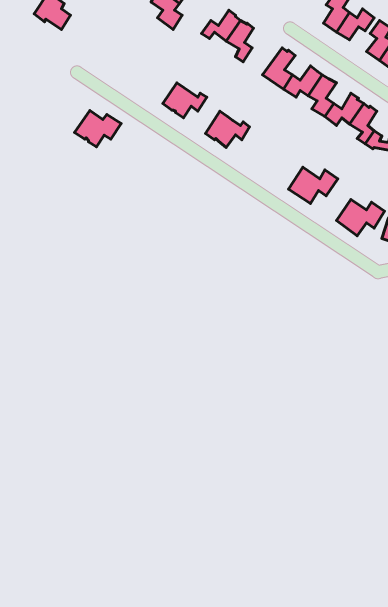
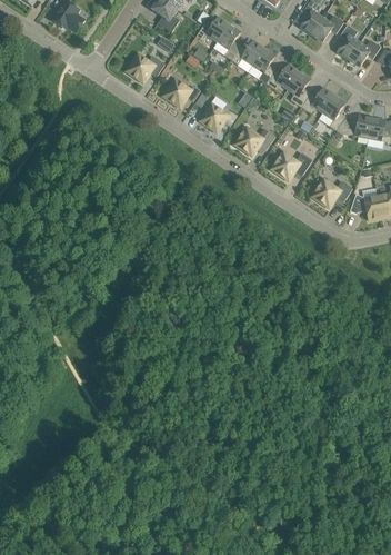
building: none -> [231,39,264,70]
building: [74,111,121,147] -> [124,51,164,82]
building: none -> [233,125,275,156]

